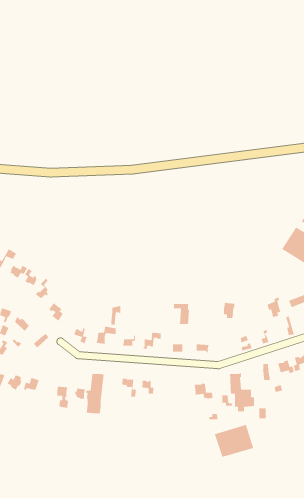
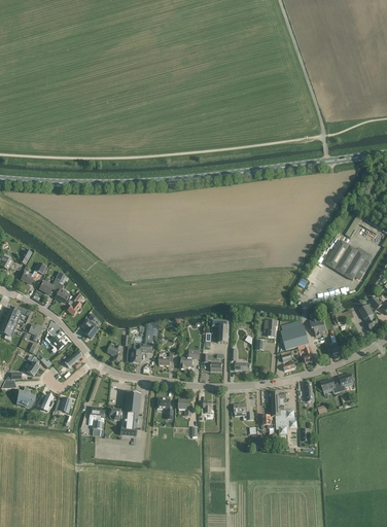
building: none -> [281,319,309,349]
building: [214,424,254,458] -> none

